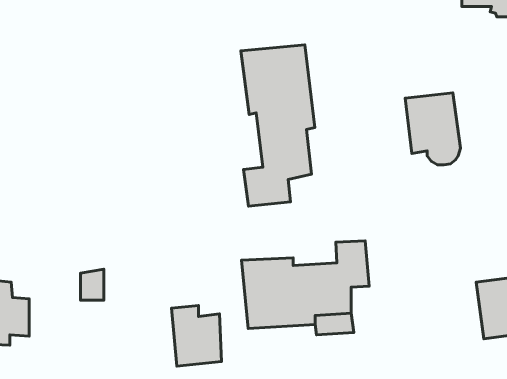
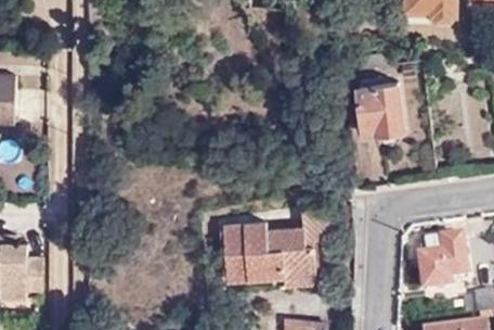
building: [241,45,315,206] -> none
building: [171,306,222,366] -> none

